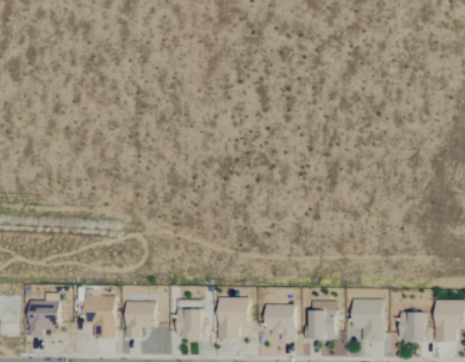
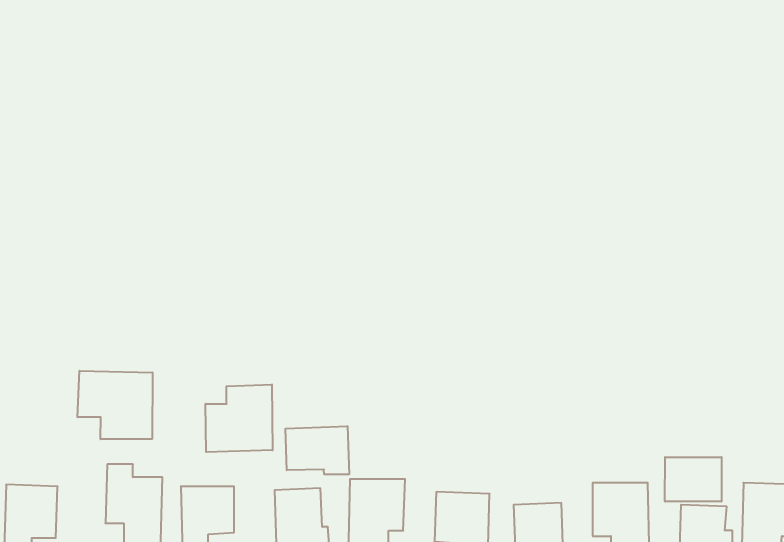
building: none -> [78,371,152,439]
building: none -> [206,384,273,452]
building: none -> [286,426,349,474]
building: none -> [665,457,722,502]

